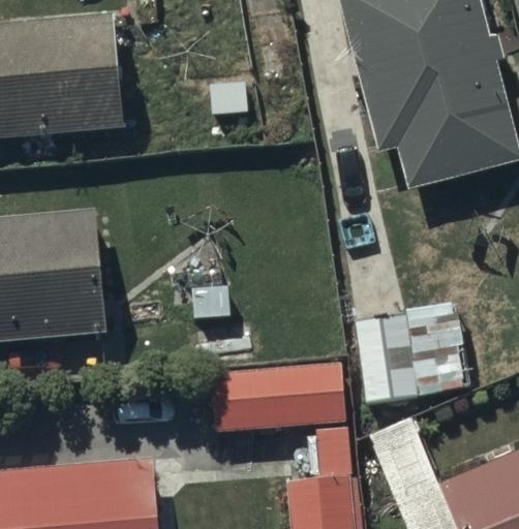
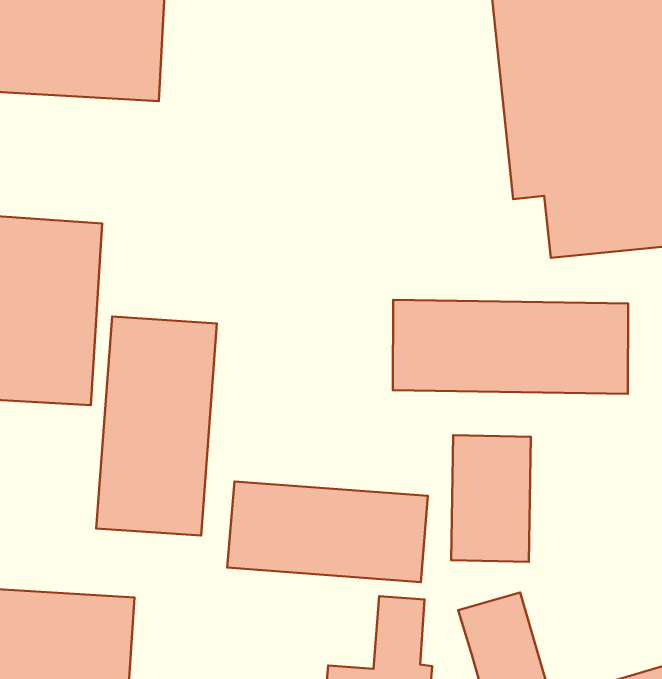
building: none -> [393,300,628,394]
building: none -> [96,316,217,535]

